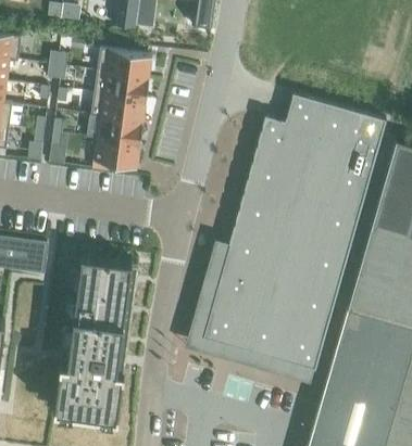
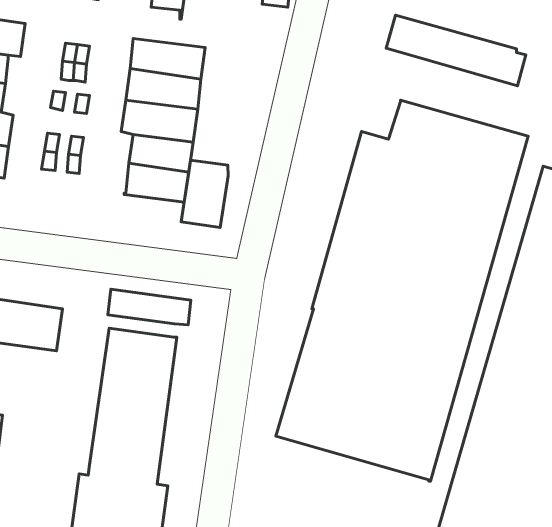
building: none -> [386,15,526,86]
building: none -> [181,160,228,227]
building: none -> [108,289,191,325]

